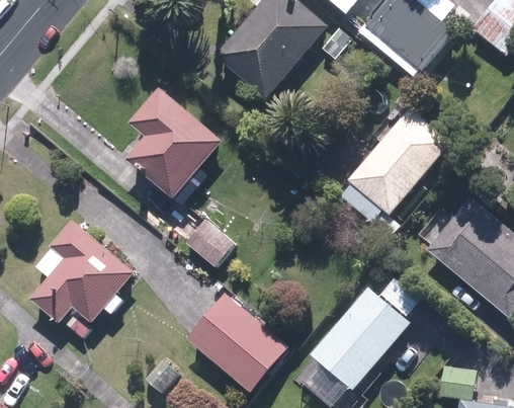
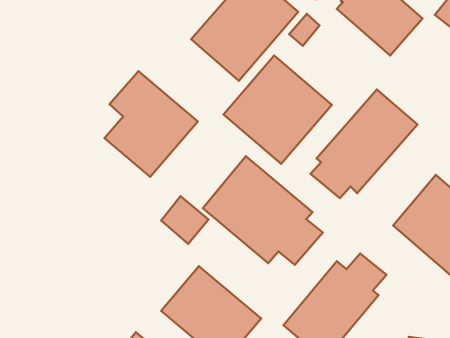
building: none -> [223,56,332,164]
building: none -> [203,156,323,265]
building: [30,220,133,322] -> none

